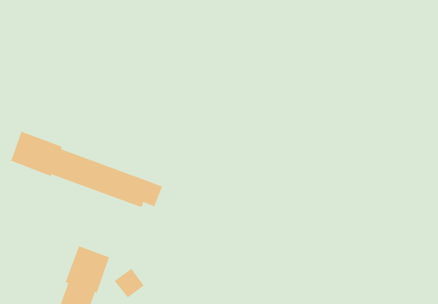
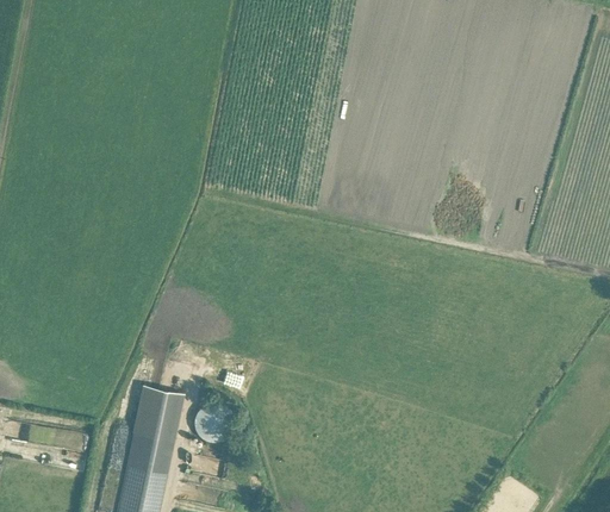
building: [11,131,163,208] -> none

